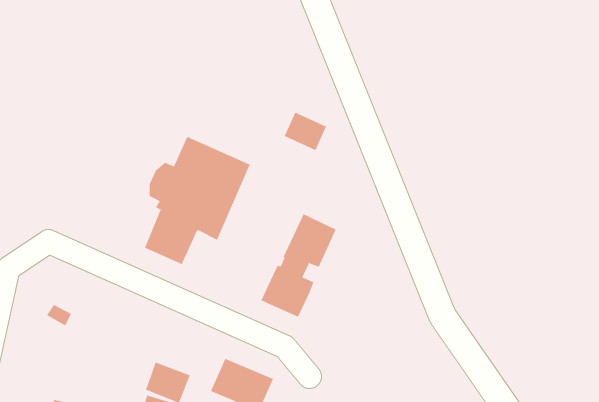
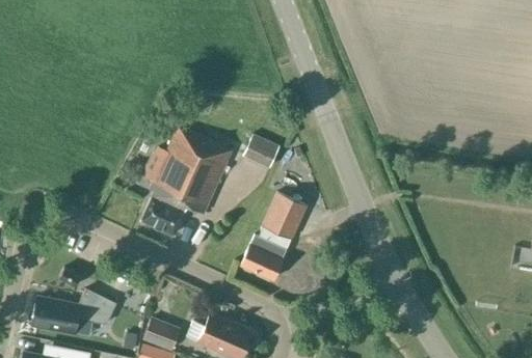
building: [284,112,327,151] -> [243,134,280,167]
building: none -> [32,288,116,333]

